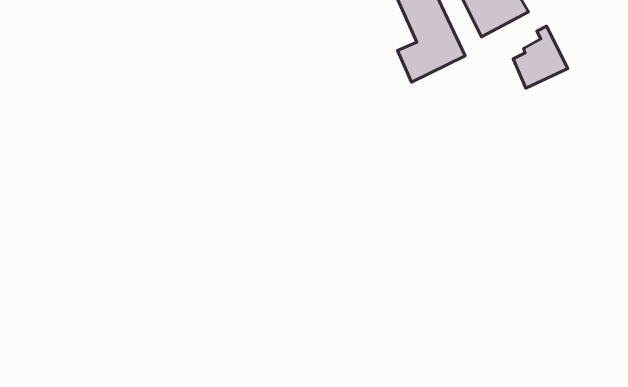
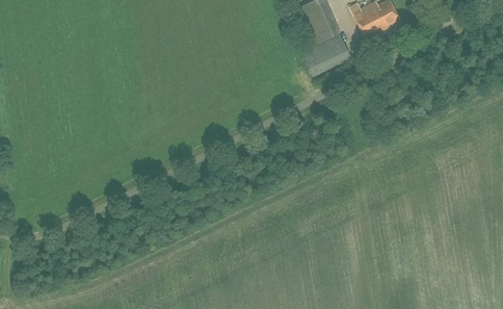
building: [513,26,568,88] -> none

